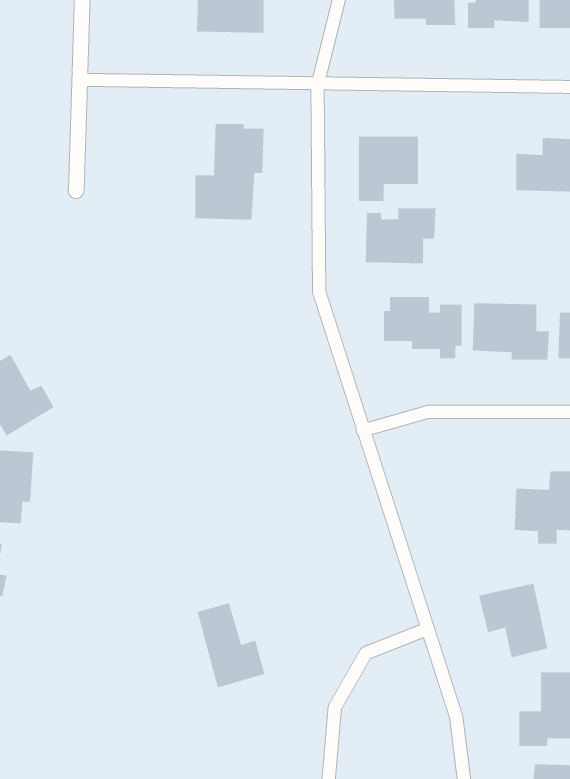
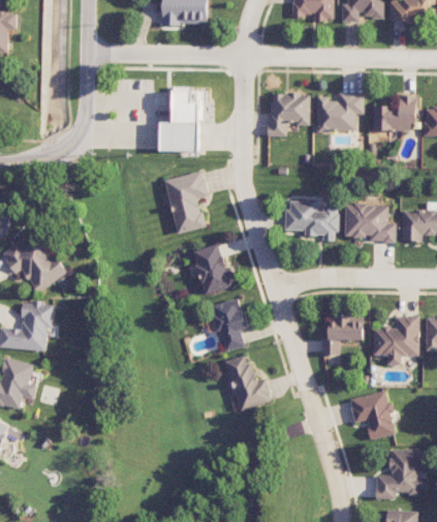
building: [365,208,436,264] -> [316,93,364,130]
building: none -> [164,171,208,233]
building: none -> [192,242,232,295]
building: none -> [212,298,248,351]
building: none -> [321,316,364,355]
building: [197,602,265,688] -> [226,354,272,410]

